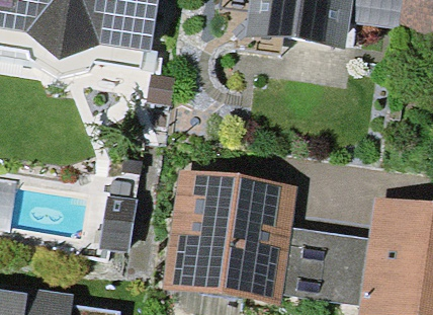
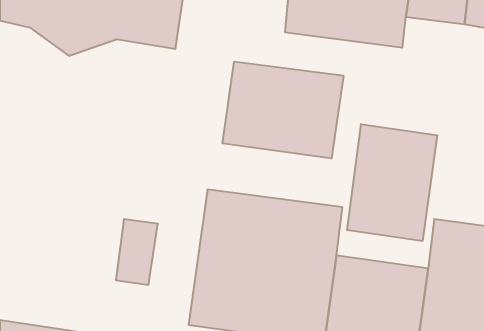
building: none -> [223,62,343,159]
building: none -> [347,124,437,241]

